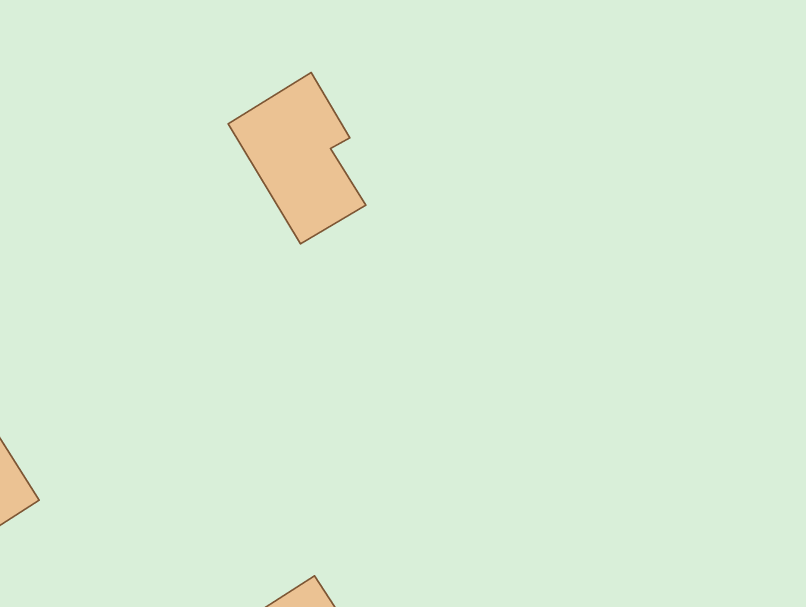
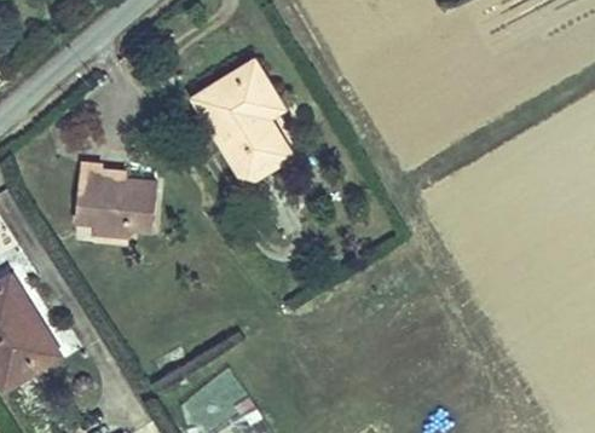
building: none -> [77,167,156,241]

